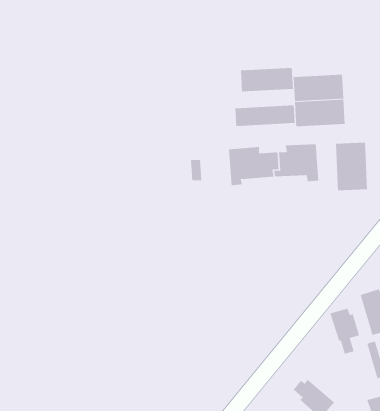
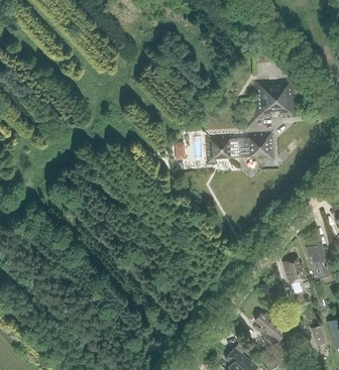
building: [240,67,293,92] -> none
building: [235,105,295,127] -> none
building: [336,142,368,191] -> none

